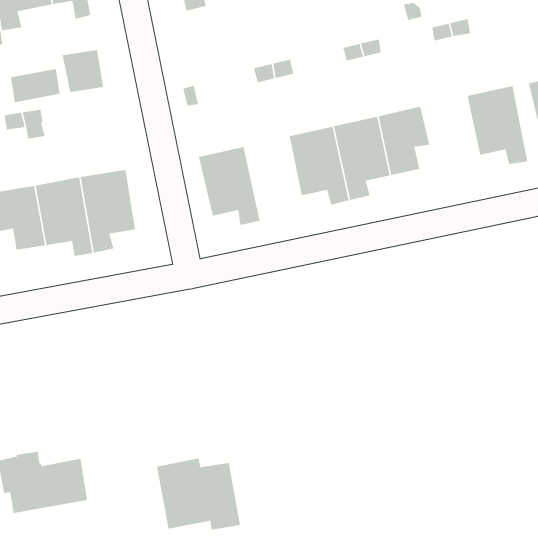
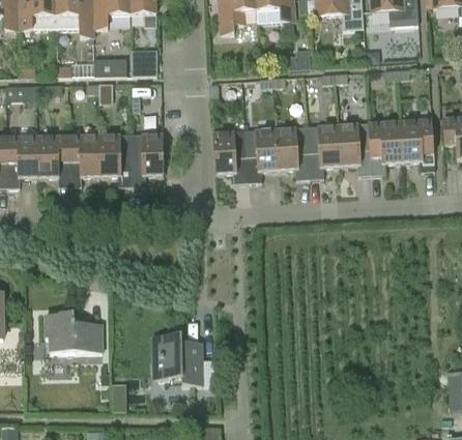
building: none -> [368,120,402,174]
building: none -> [244,128,278,182]

